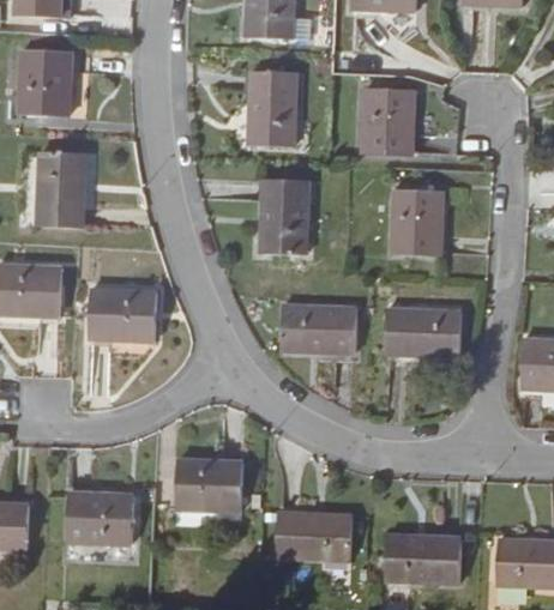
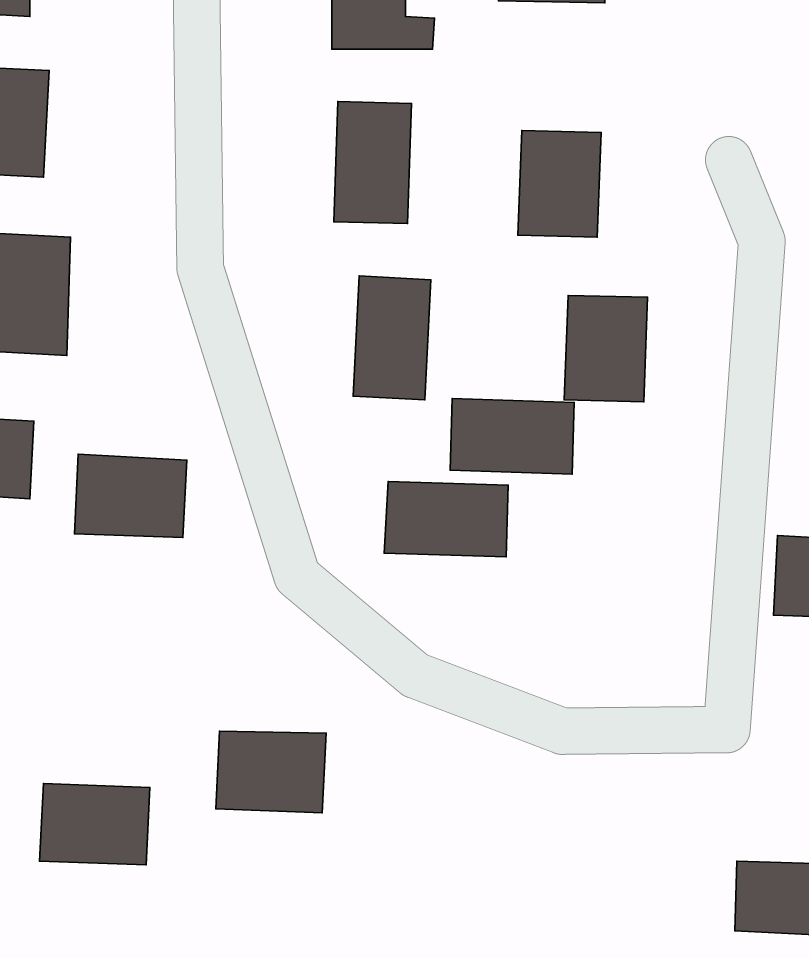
building: [385,309,462,356] -> [450,398,574,474]
building: [275,513,353,560] -> none
building: [385,536,462,582] -> none

